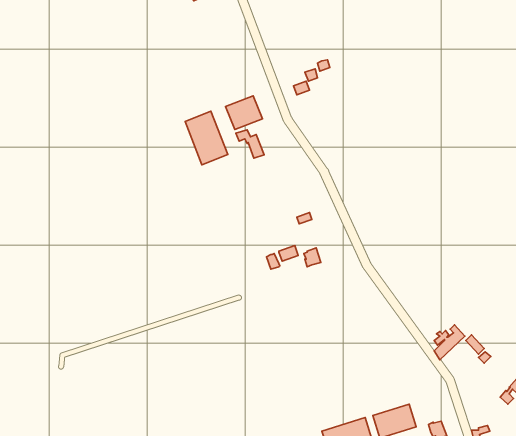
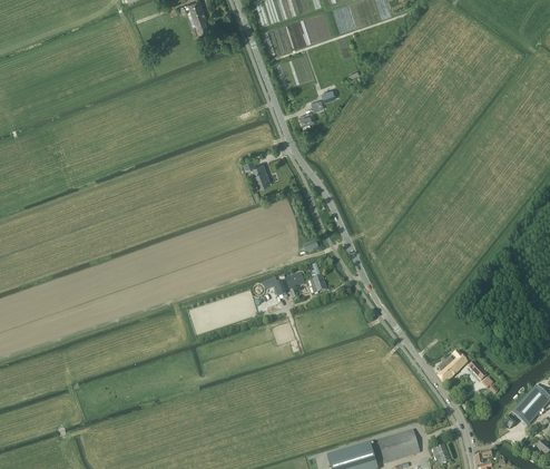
building: [226,96,262,130] -> none
building: [185,111,228,165] -> none

